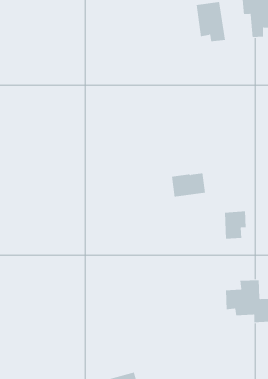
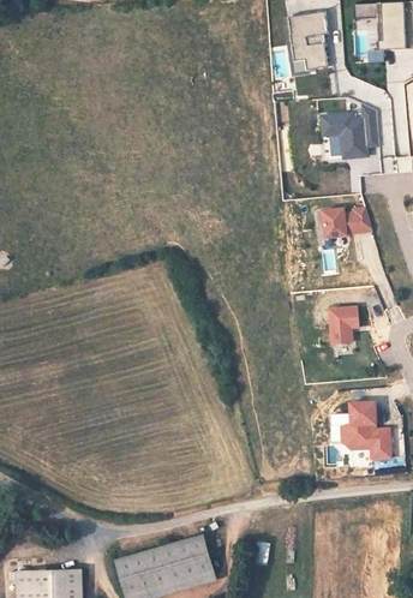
building: none -> [321,106,378,160]
building: [171,173,206,197] -> [322,205,370,239]

